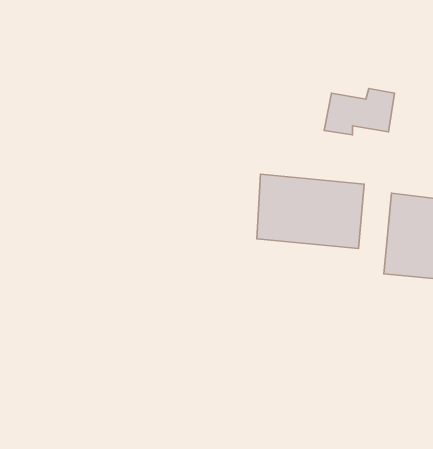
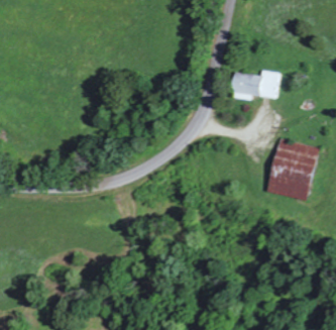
building: [257,174,364,249] -> none

